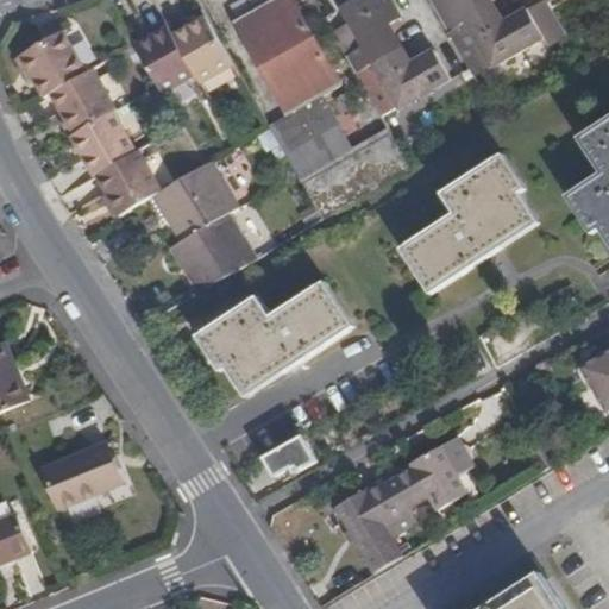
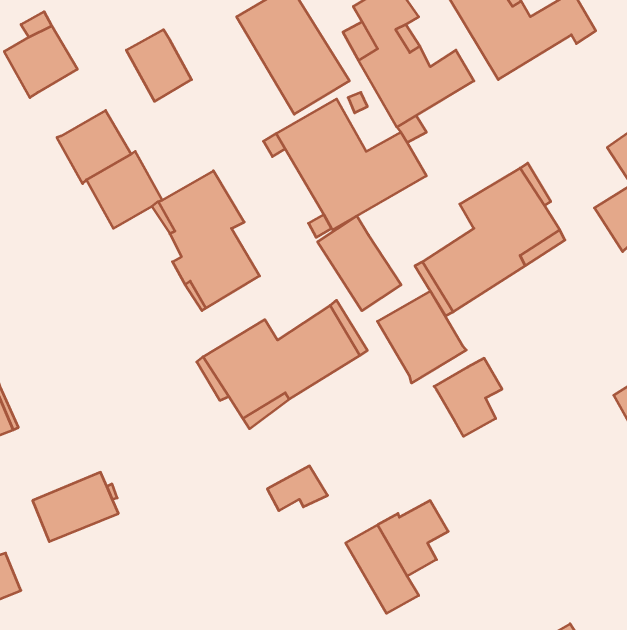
building: [170,19,231,82] -> none
building: [48,62,114,127] -> none
building: none -> [318,216,401,311]
building: none -> [377,291,466,383]
building: [409,435,472,508] -> [434,358,502,436]

